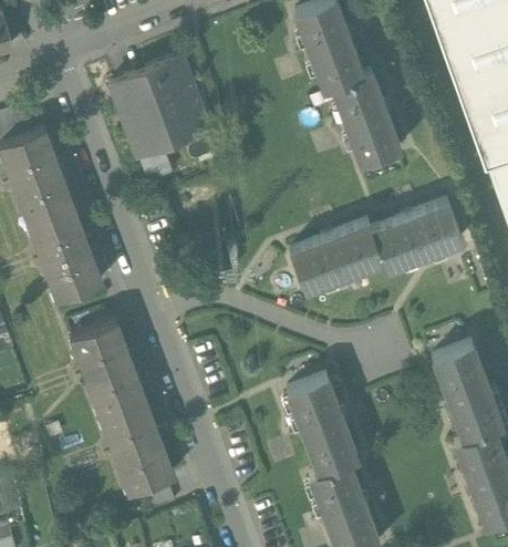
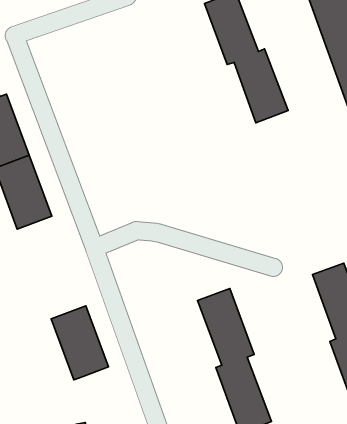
building: [110,53,206,180] -> none
building: [288,198,462,288] -> none
building: [70,317,143,411] -> none
building: [139,475,173,508] -> none

